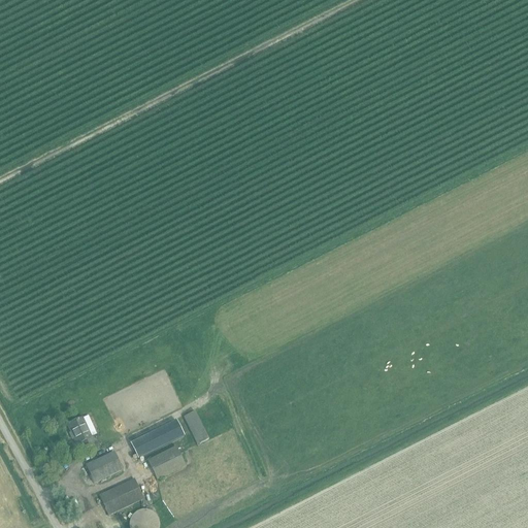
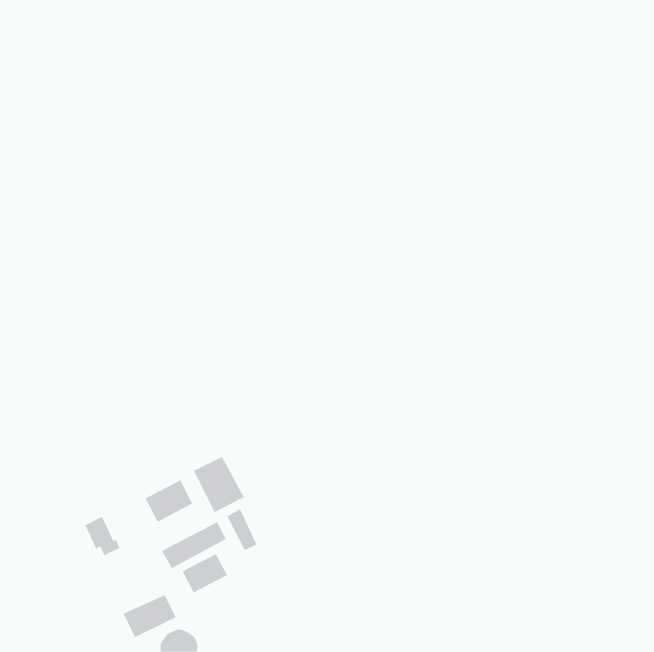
building: none -> [193,456,244,513]
building: none -> [145,479,193,522]
building: [86,452,122,482] -> none

